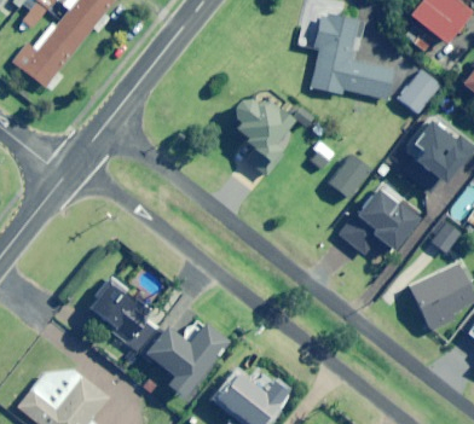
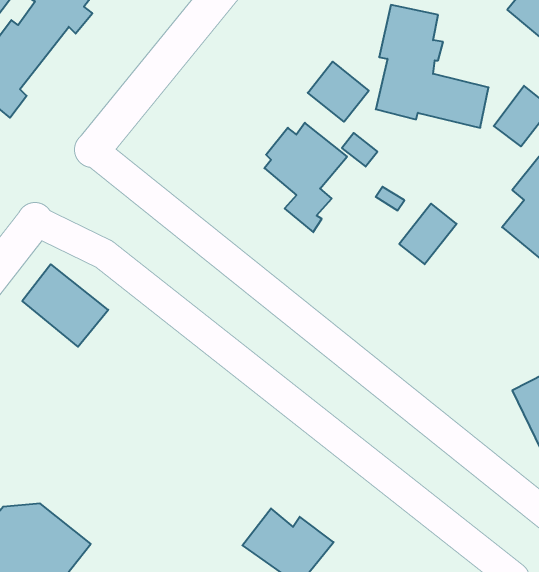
building: none -> [308,62,369,122]
building: [341,188,417,254] -> none
building: [89,280,151,339] -> [22,264,108,347]
building: [143,324,227,397] -> none

